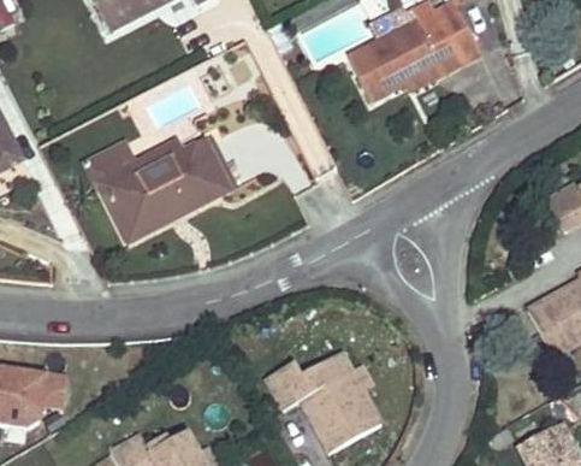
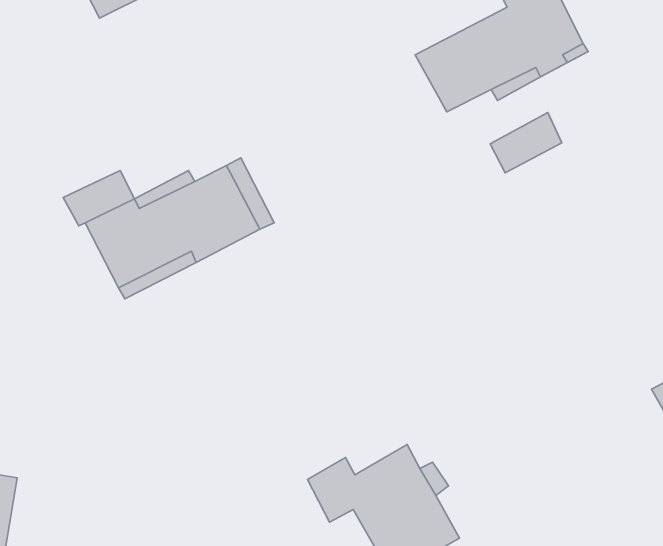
building: none -> [490,112,562,173]

